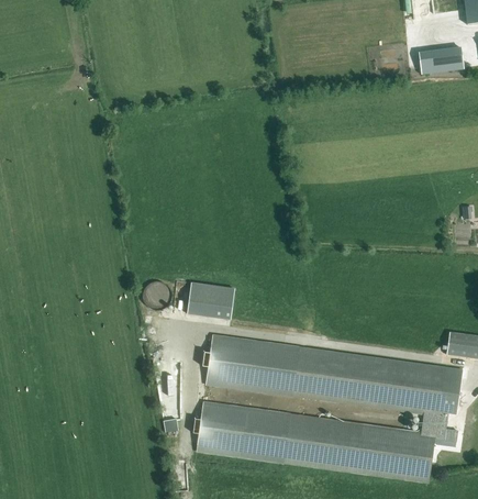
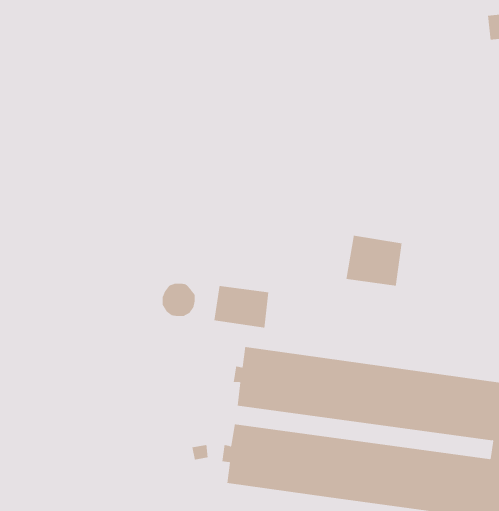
building: none -> [346,235,402,286]

